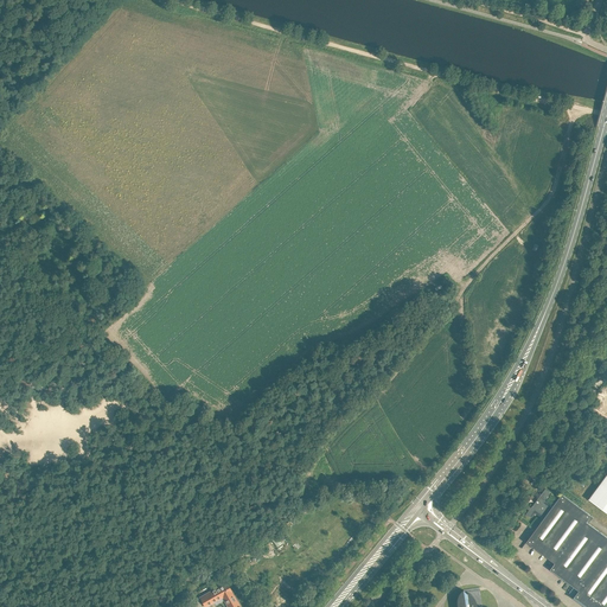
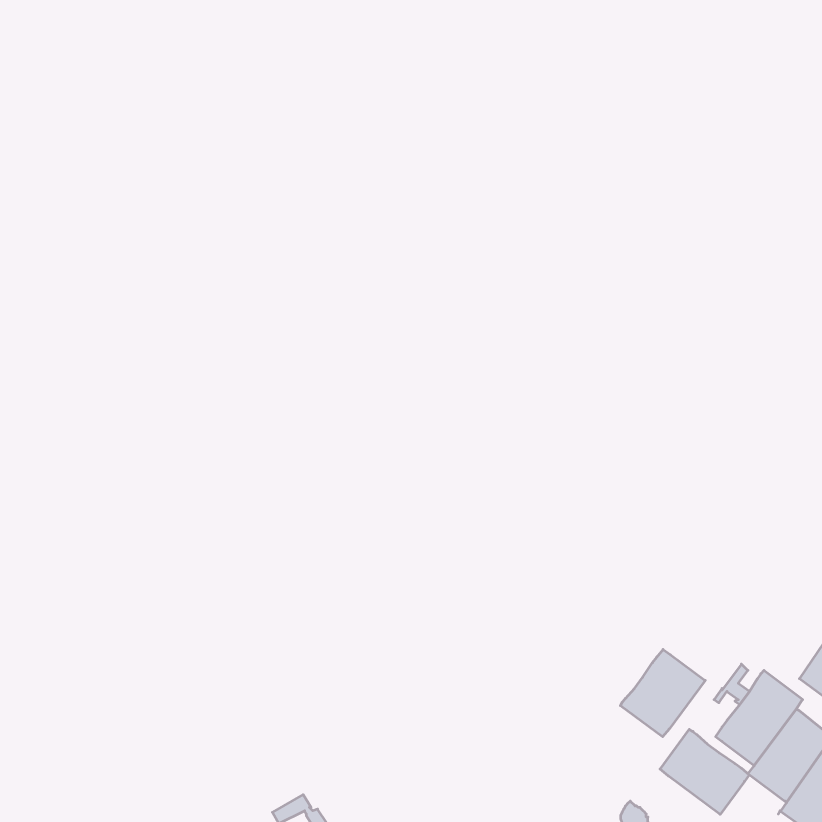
building: none -> [620,649,705,737]
building: none -> [660,729,749,814]

